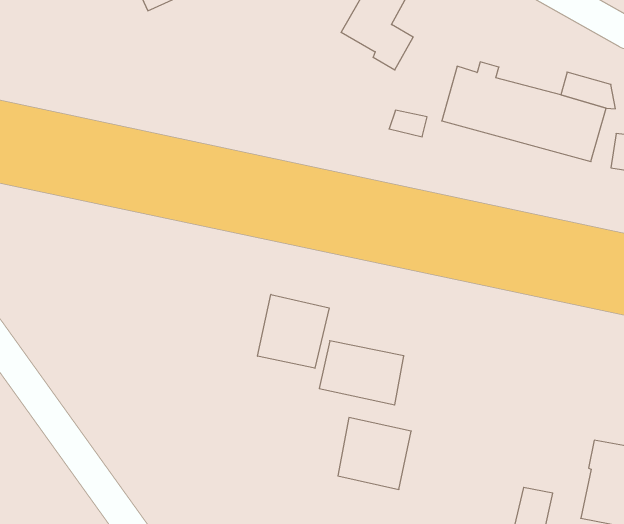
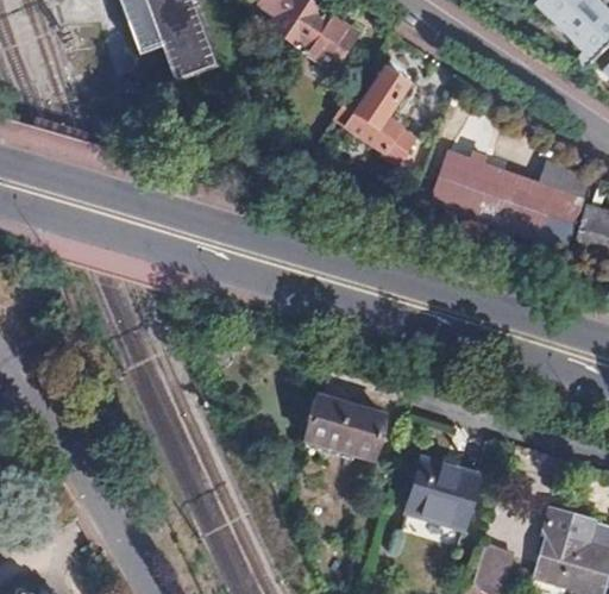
building: [258,294,329,368] -> none
building: [338,418,411,489] -> [404,461,475,530]

